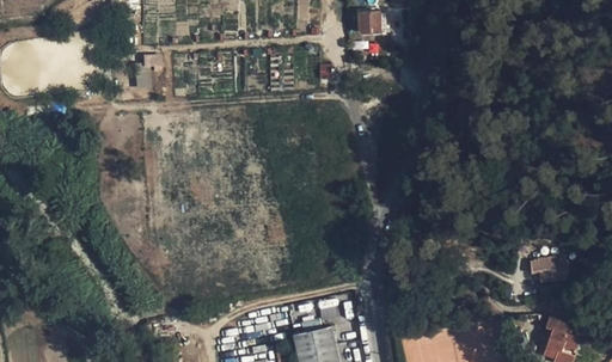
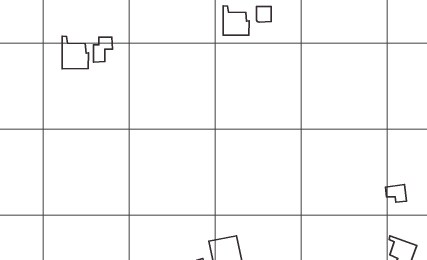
building: none -> [223,6,249,35]
building: none -> [62,36,89,69]

